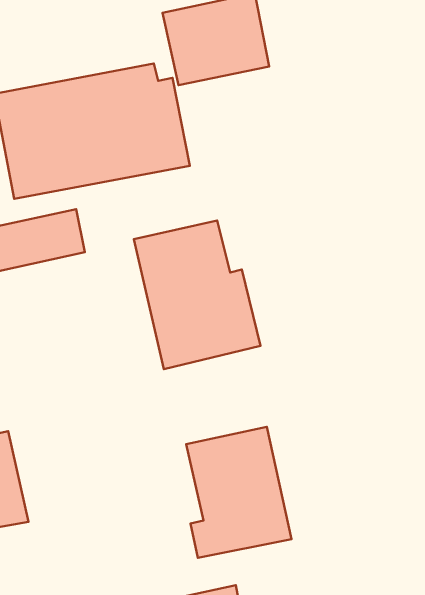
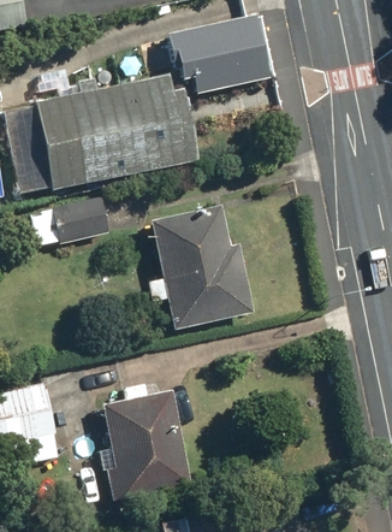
building: [186,427,291,558] -> [102,390,190,500]

